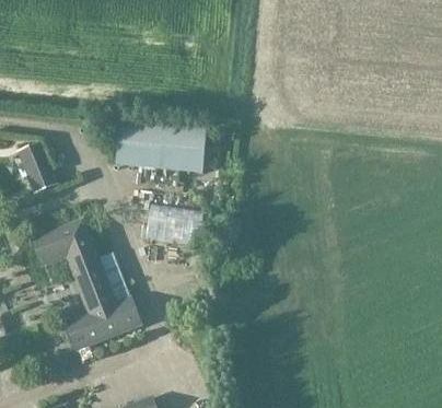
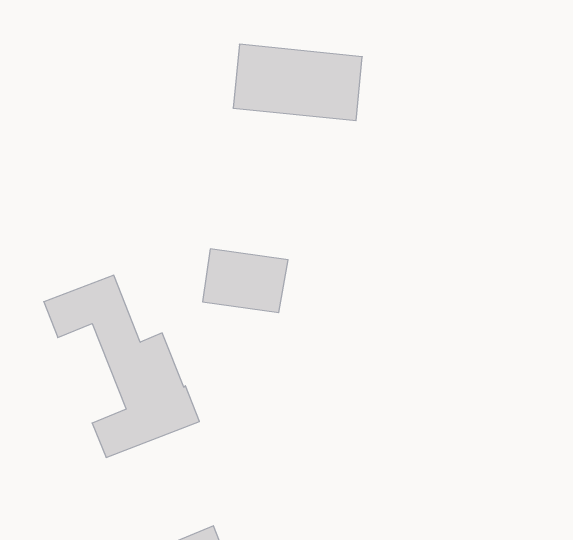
building: [114,120,205,174] -> [233,44,362,121]
building: [20,142,57,194] -> none

